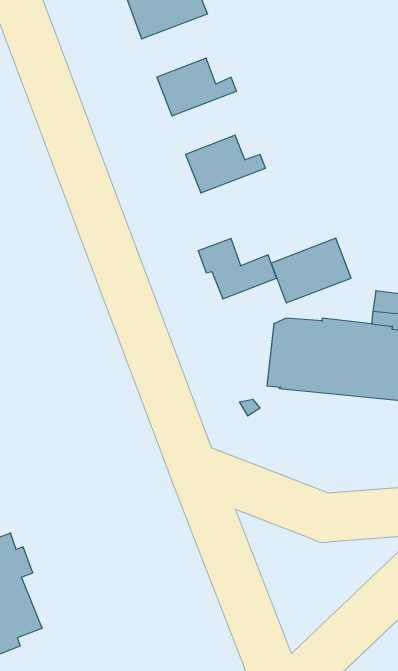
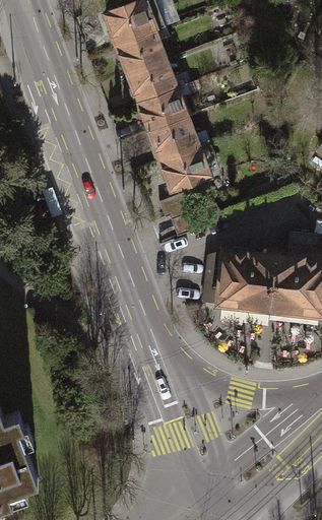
building: none -> [119,29,171,76]
building: none -> [141,86,193,133]
building: [271,238,351,303] -> [163,143,221,191]

